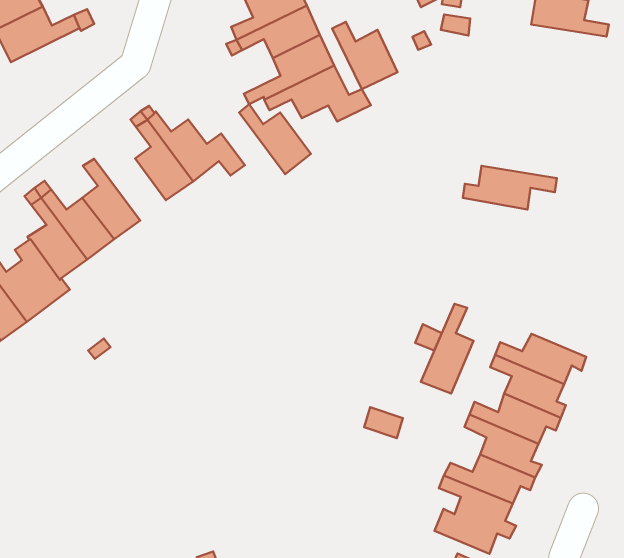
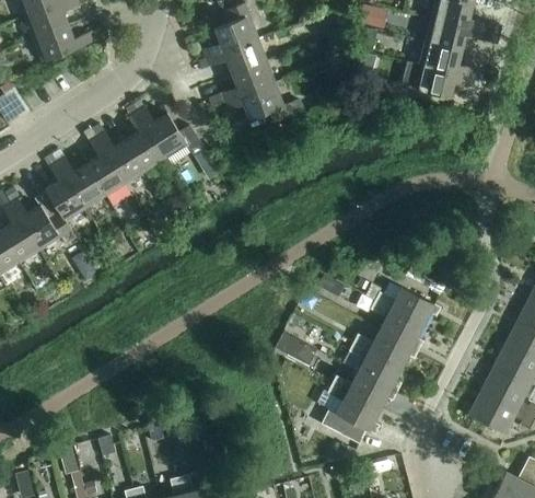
building: [332,22,398,89] -> none
building: [239,104,311,174] -> [96,131,146,184]
building: [463,166,557,209] -> [404,65,473,99]
building: [421,304,473,393] -> none

